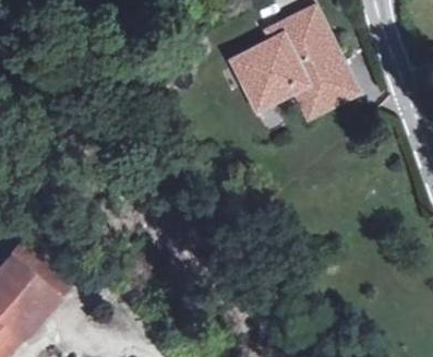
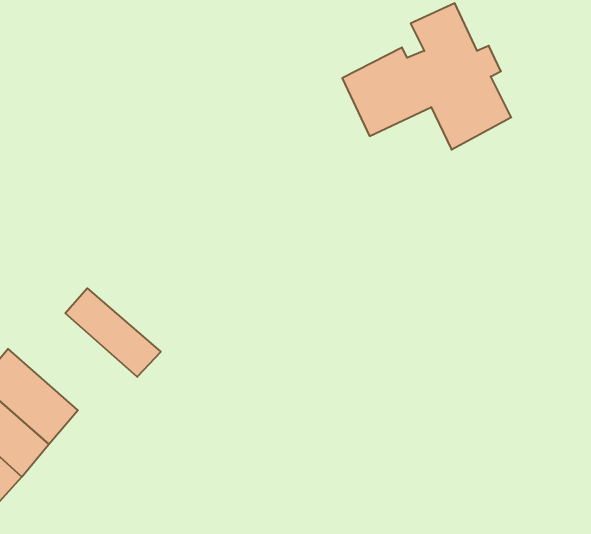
building: none -> [65,288,161,377]

